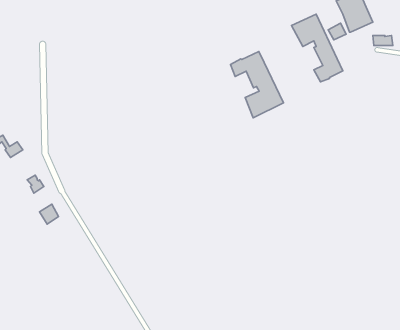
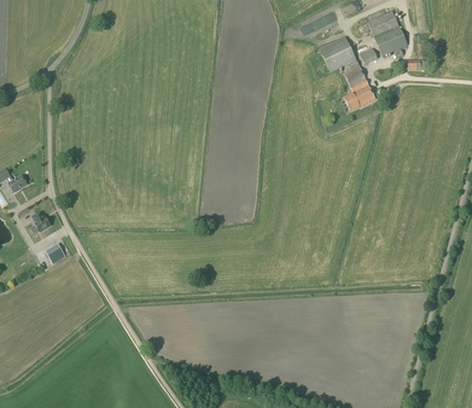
building: [230,52,283,118] -> none

